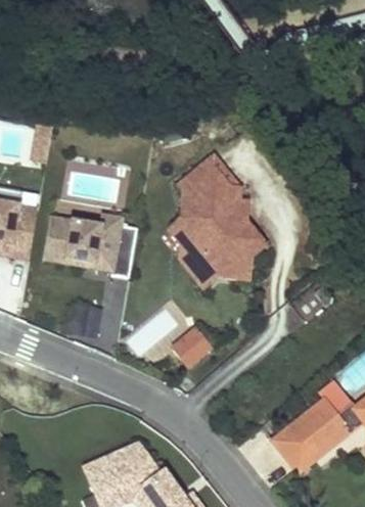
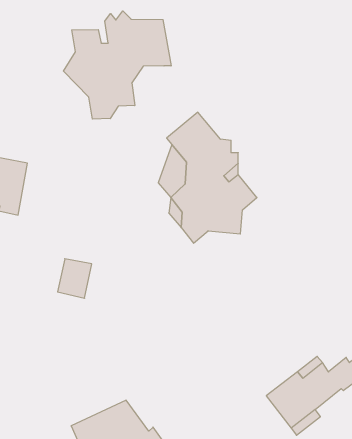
building: none -> [63,11,171,119]
building: [45,215,139,279] -> none
building: [169,325,213,368] -> none

